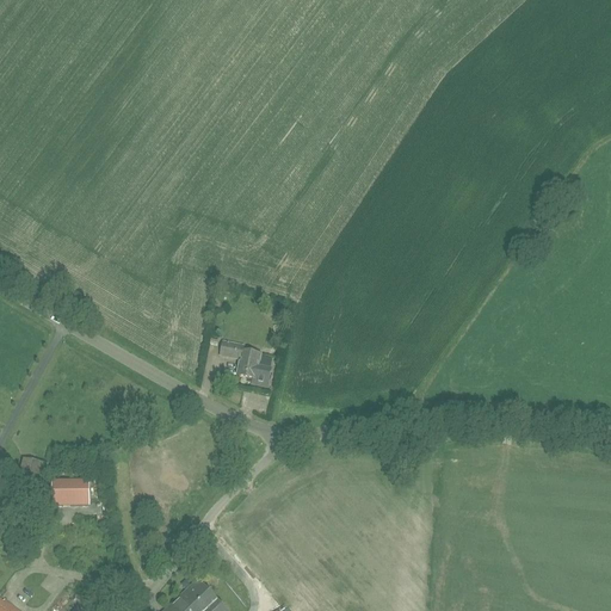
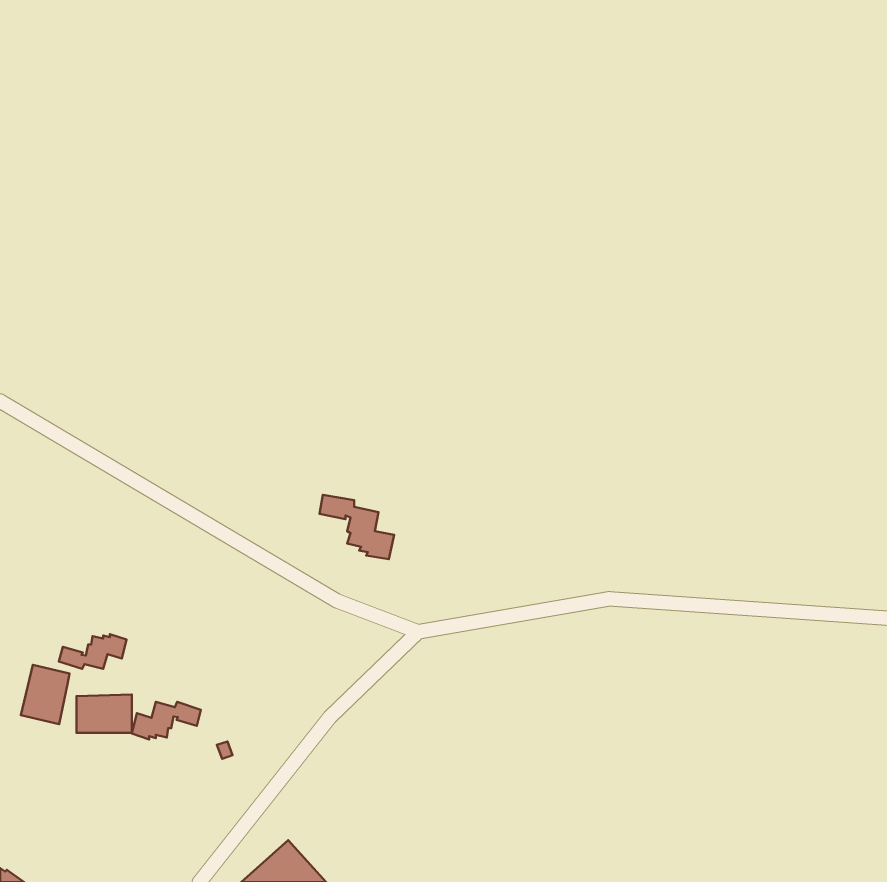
building: none -> [59,634,127,669]
building: none -> [132,702,201,740]

